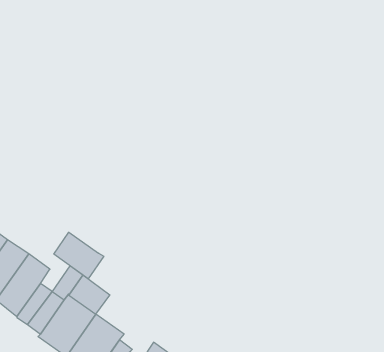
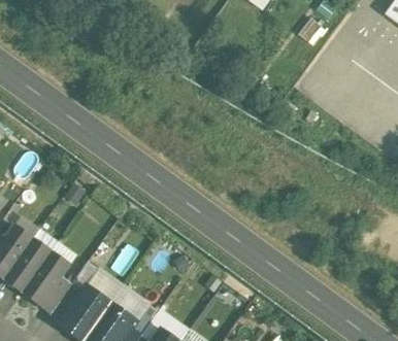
building: [54,232,104,279] -> none

